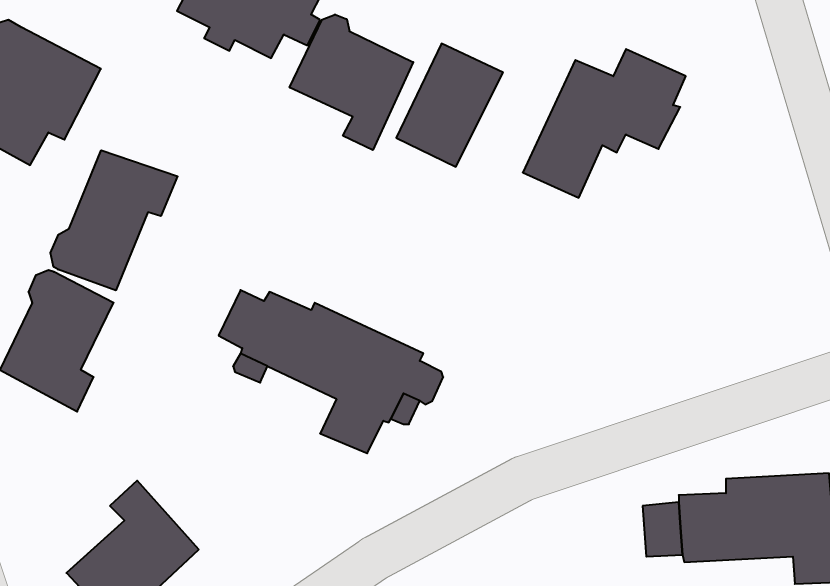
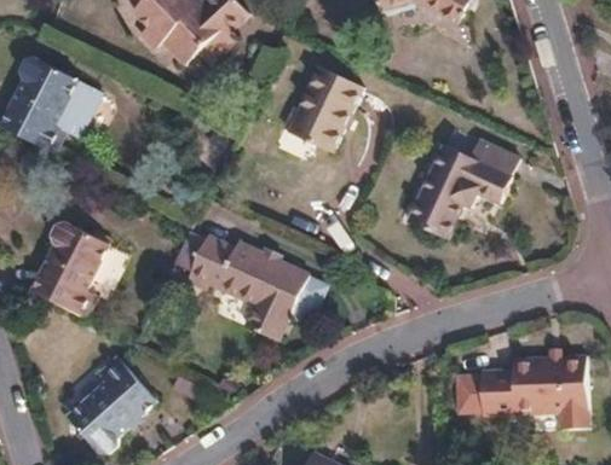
building: [290,14,413,150] -> none
building: [523,49,686,198] -> [410,140,519,239]
building: [50,150,178,290] -> none

